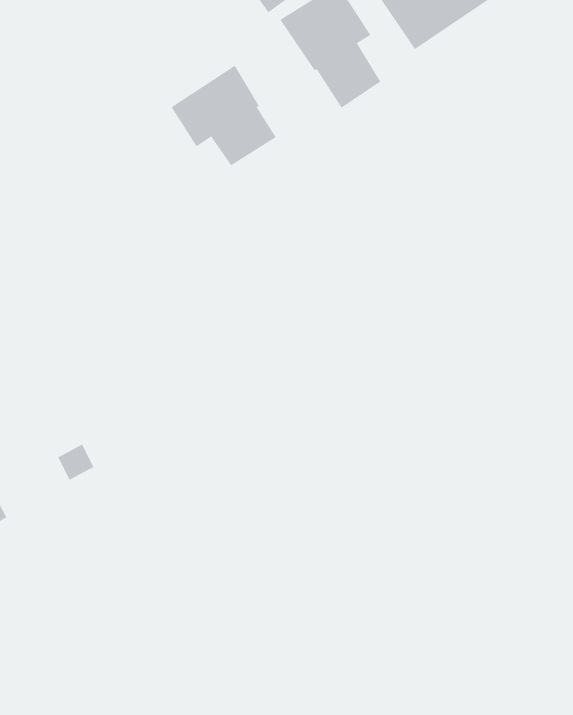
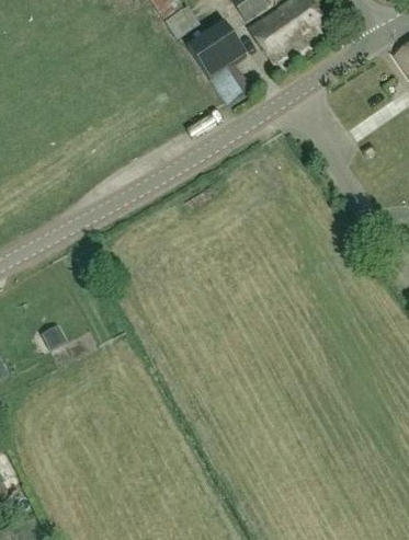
building: [171,65,276,166] -> none

